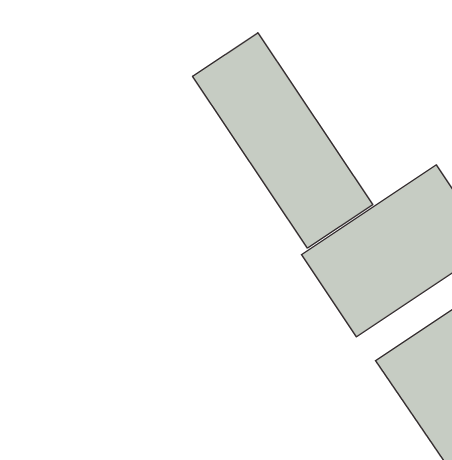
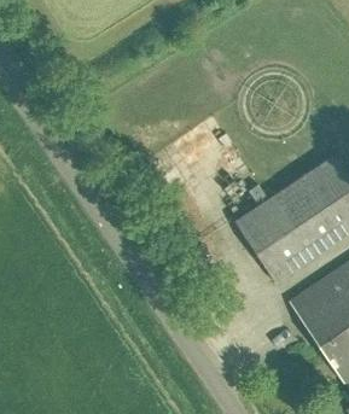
building: [193,33,373,248] -> none

